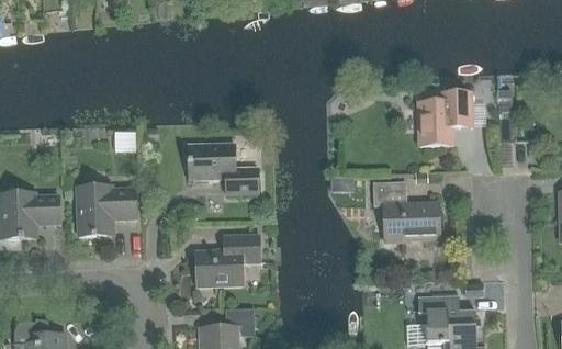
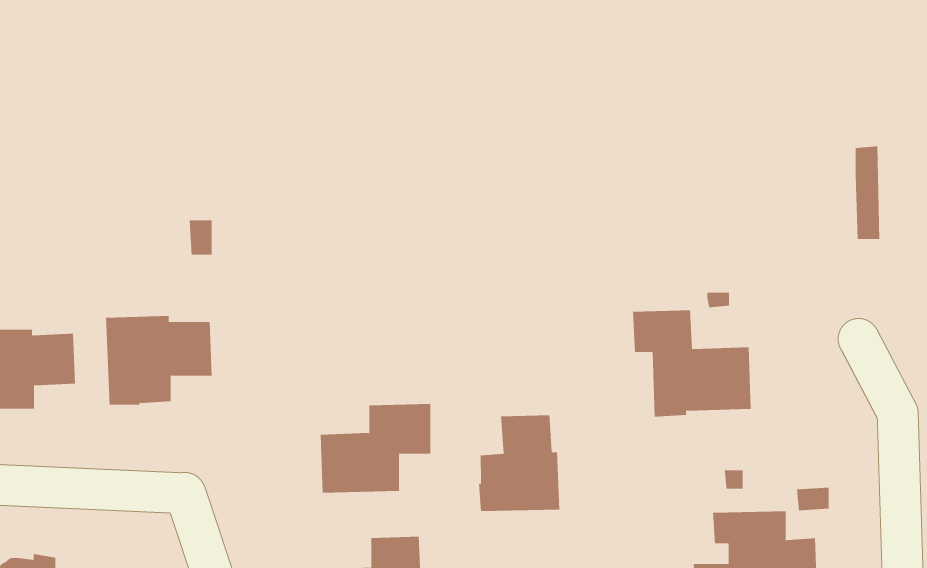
building: [418,91,472,145] -> none
building: [188,143,258,193] -> none
building: none -> [479,414,560,512]

